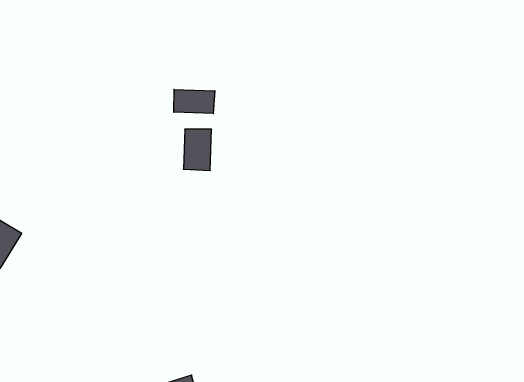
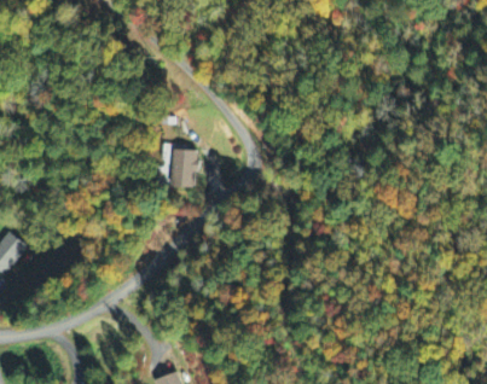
building: [174,89,215,114] -> none

